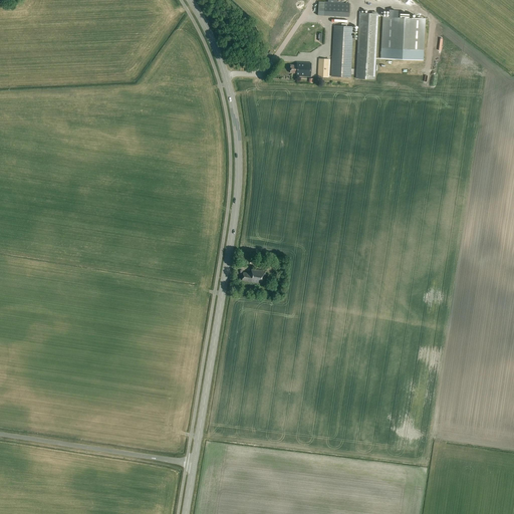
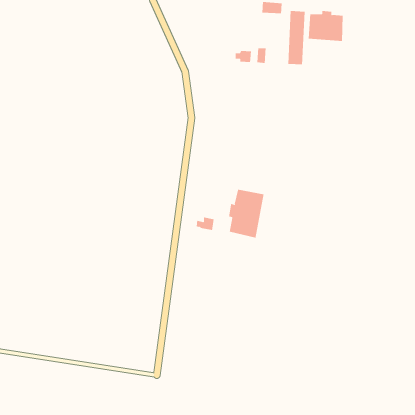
building: [331,24,353,77] -> none
building: none -> [228,189,264,239]

